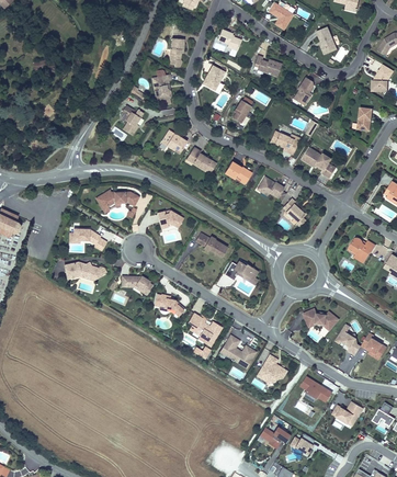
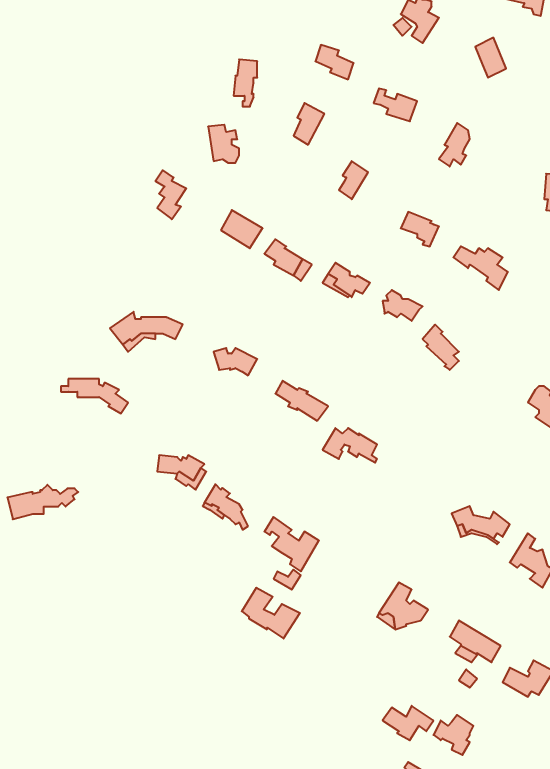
building: [68,258,111,279] -> [7,485,78,519]
building: [220,336,256,366] -> [242,588,300,639]

